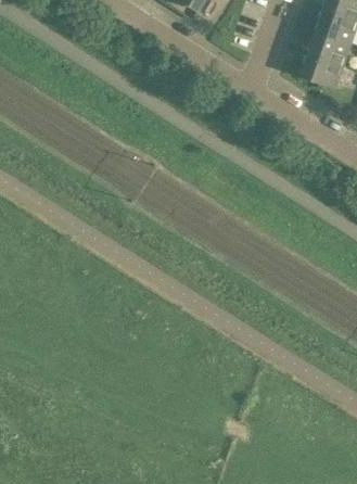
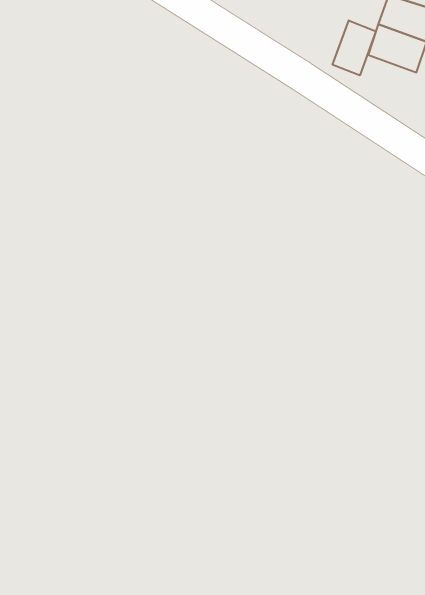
building: none -> [333,20,376,75]

